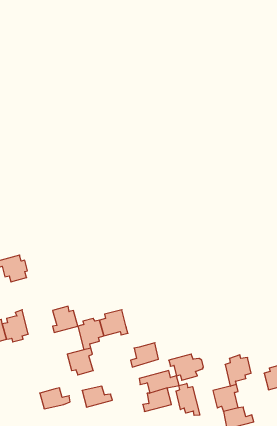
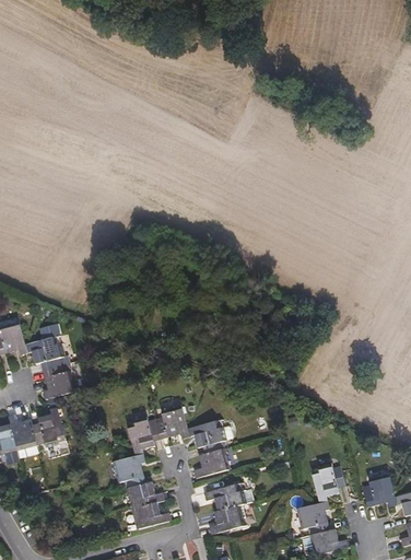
building: [53,306,78,332] -> [43,365,74,398]
building: [169,354,203,380] -> [188,420,232,453]
building: [176,383,200,415] -> none
building: [40,388,70,409] -> [127,481,165,508]

